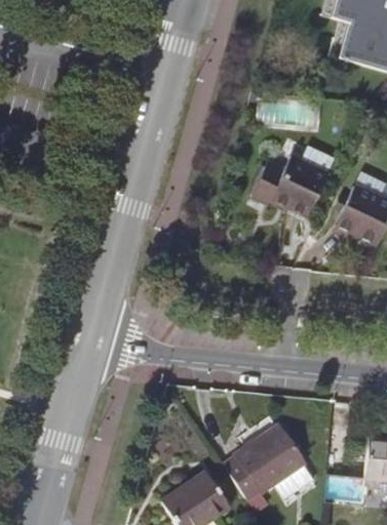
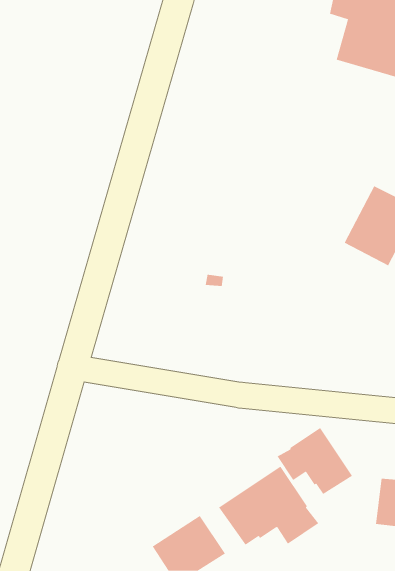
building: [253,144,337,214] -> none
building: none -> [277,427,353,495]

